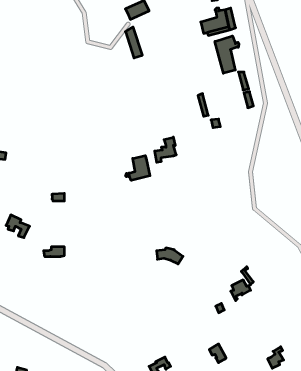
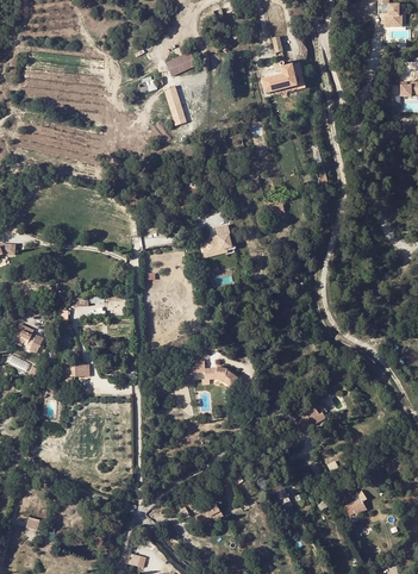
building: [215,36,239,73] -> none
building: [126,156,150,180] -> none

